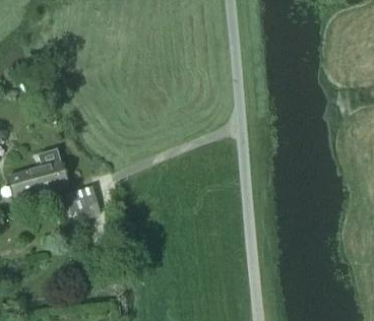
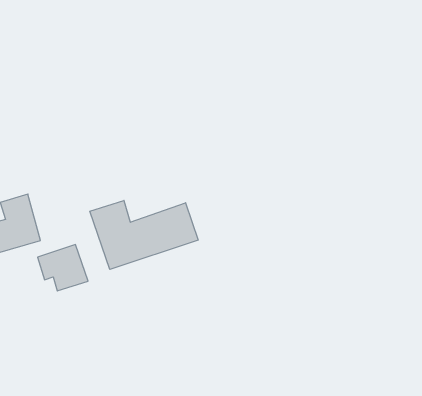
building: none -> [90,200,198,269]

